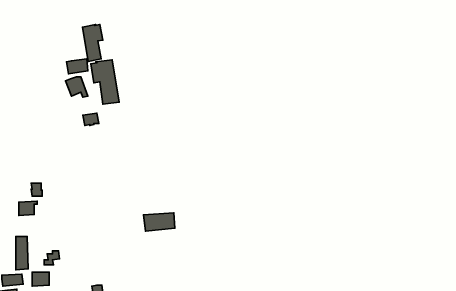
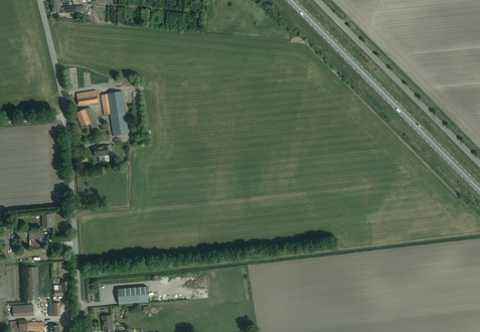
building: [82,24,103,62] -> none
building: [144,213,175,231] -> [117,287,148,305]

